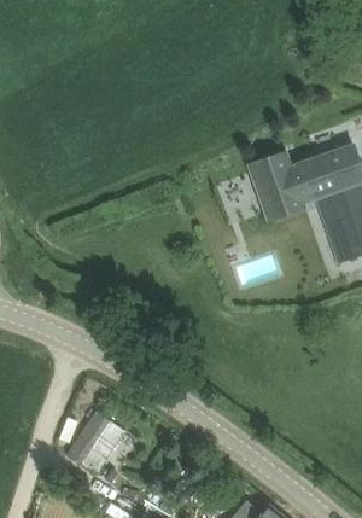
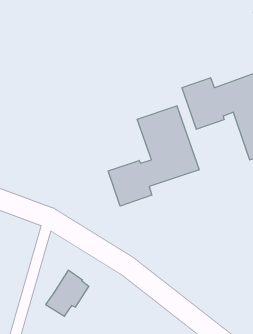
building: none -> [108,106,199,206]

